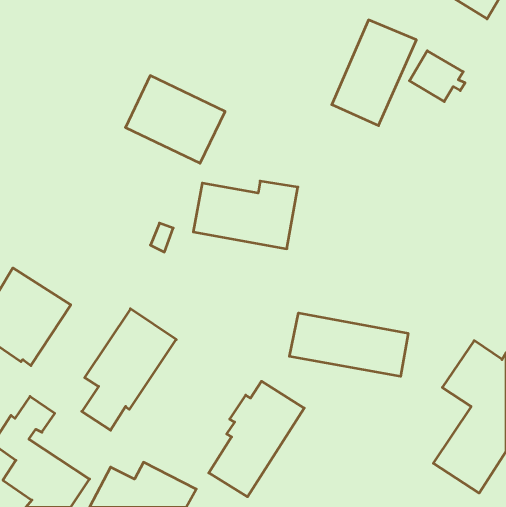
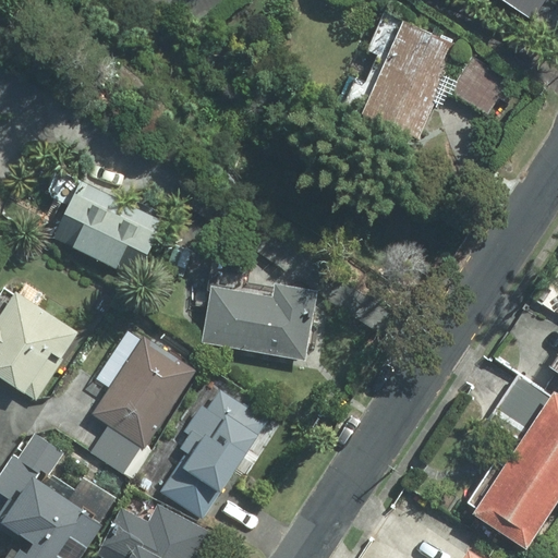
building: [125,76,225,163] -> [53,182,162,278]
building: [193,181,298,249] -> [202,286,316,360]
building: [289,313,408,376] -> none
building: [209,381,304,497] -> [159,391,264,518]

